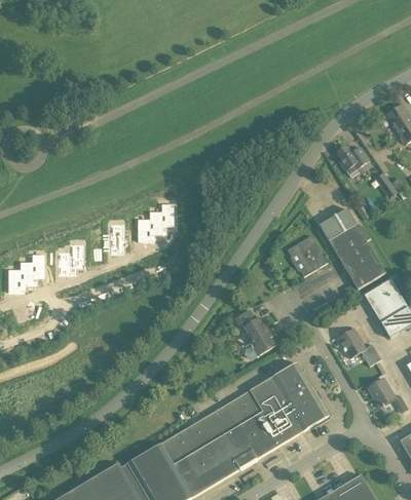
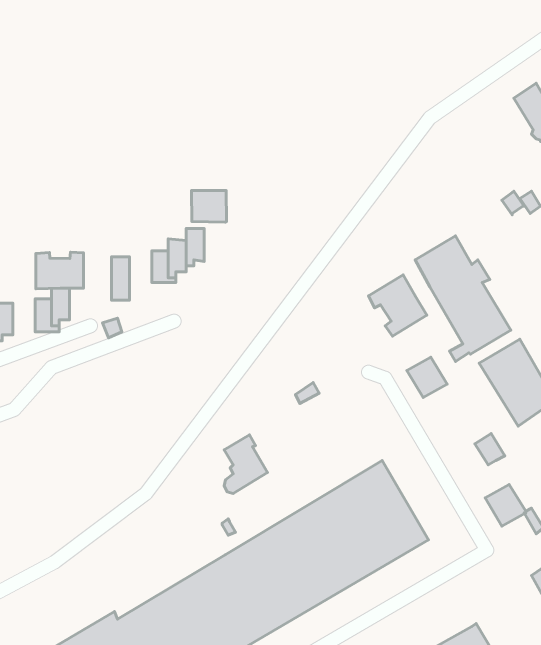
building: [337,147,369,175] -> none
building: none -> [192,191,226,222]
building: none -> [36,252,84,289]
building: [244,318,273,358] -> [224,435,268,493]
building: [337,330,365,357] -> [407,357,447,398]

